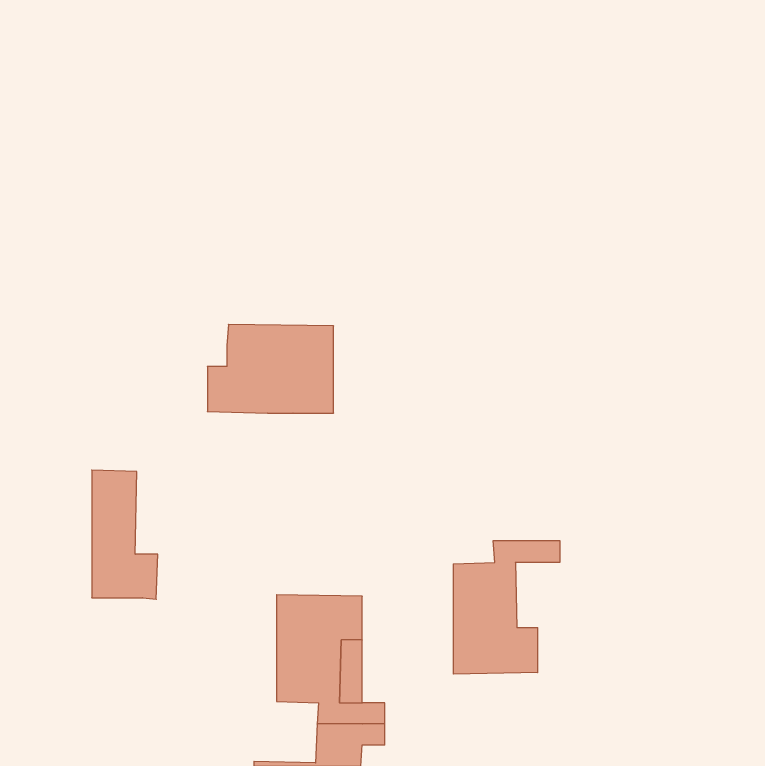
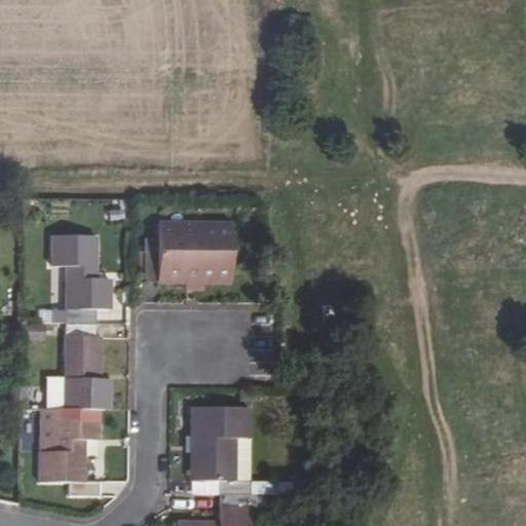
building: none -> [51,236,111,323]
building: [453,541,560,674] -> none
building: none -> [39,409,100,496]

